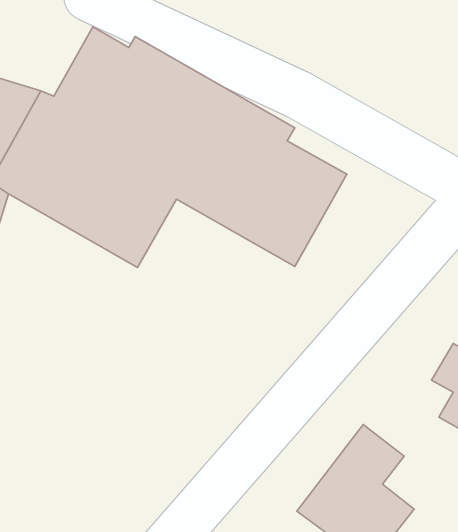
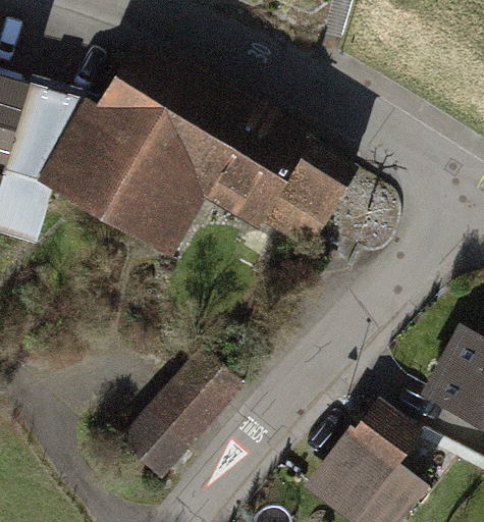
building: none -> [116,354,241,482]

